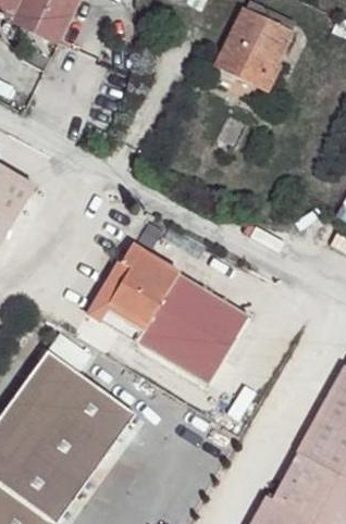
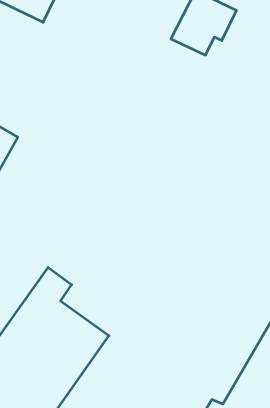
building: [88,240,244,376] -> none

